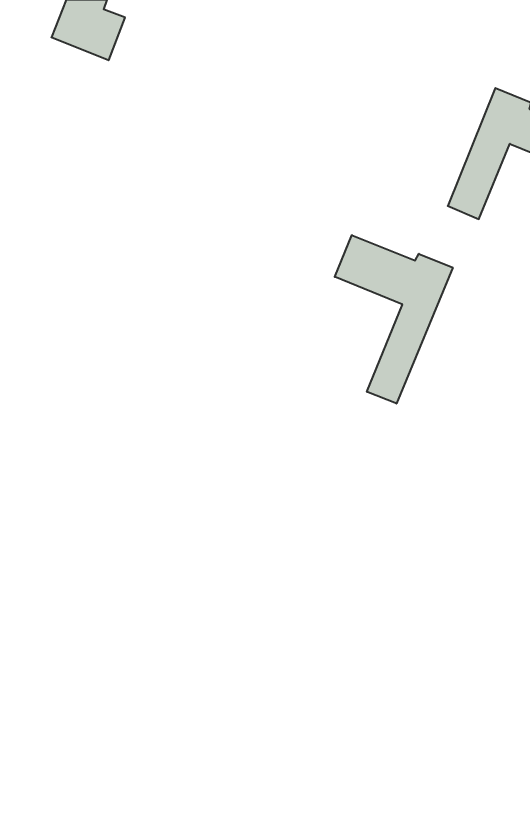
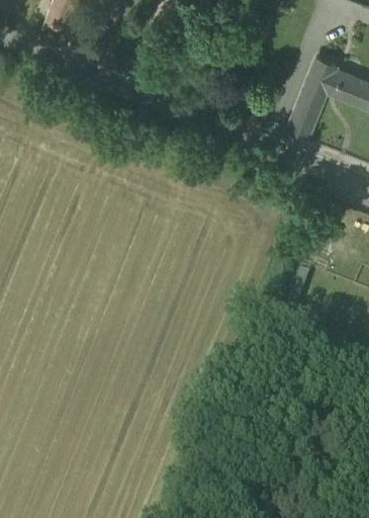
building: [335,235,453,404] -> none

